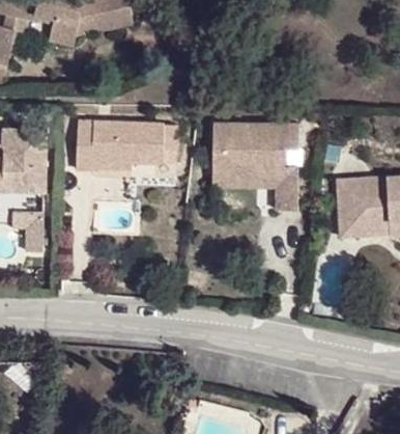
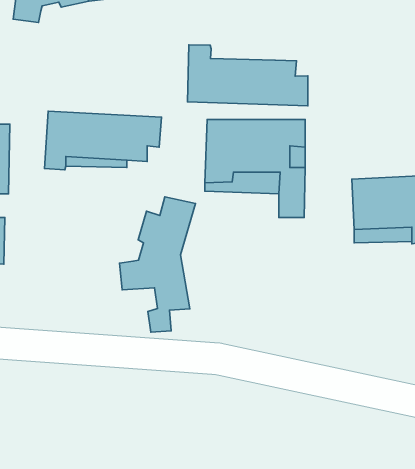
building: none -> [187,45,308,106]
building: none -> [119,197,195,332]

